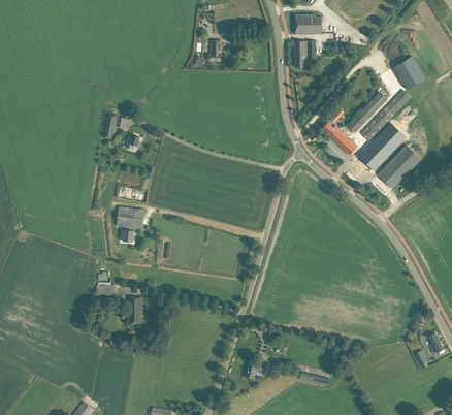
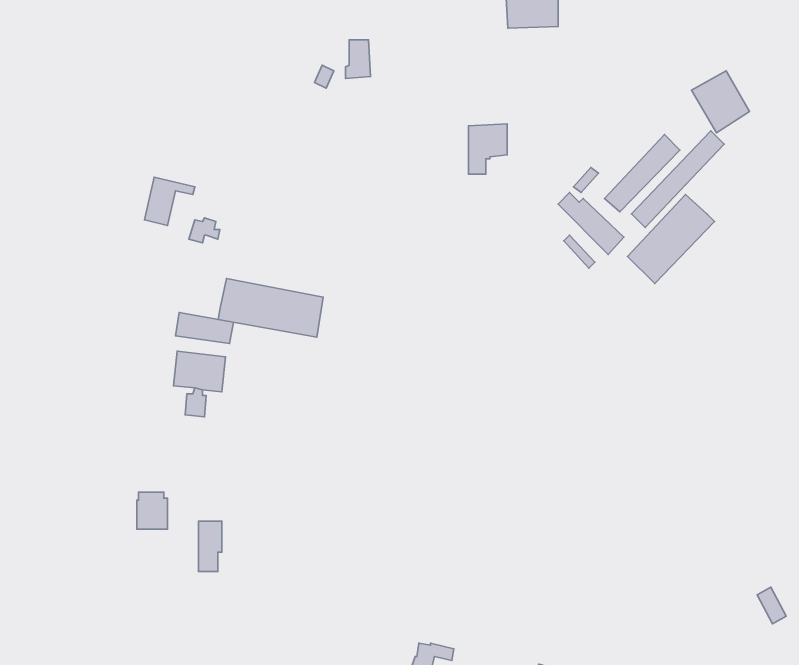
building: [295,40,316,67] -> [468,124,507,174]
building: [378,145,421,189] -> none
building: none -> [218,278,323,337]

